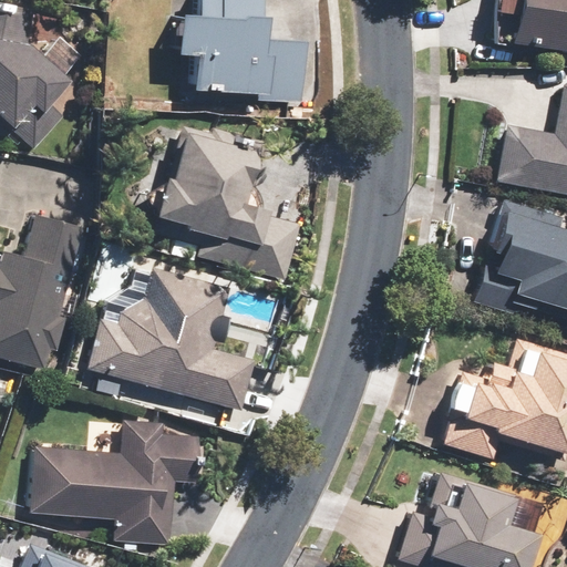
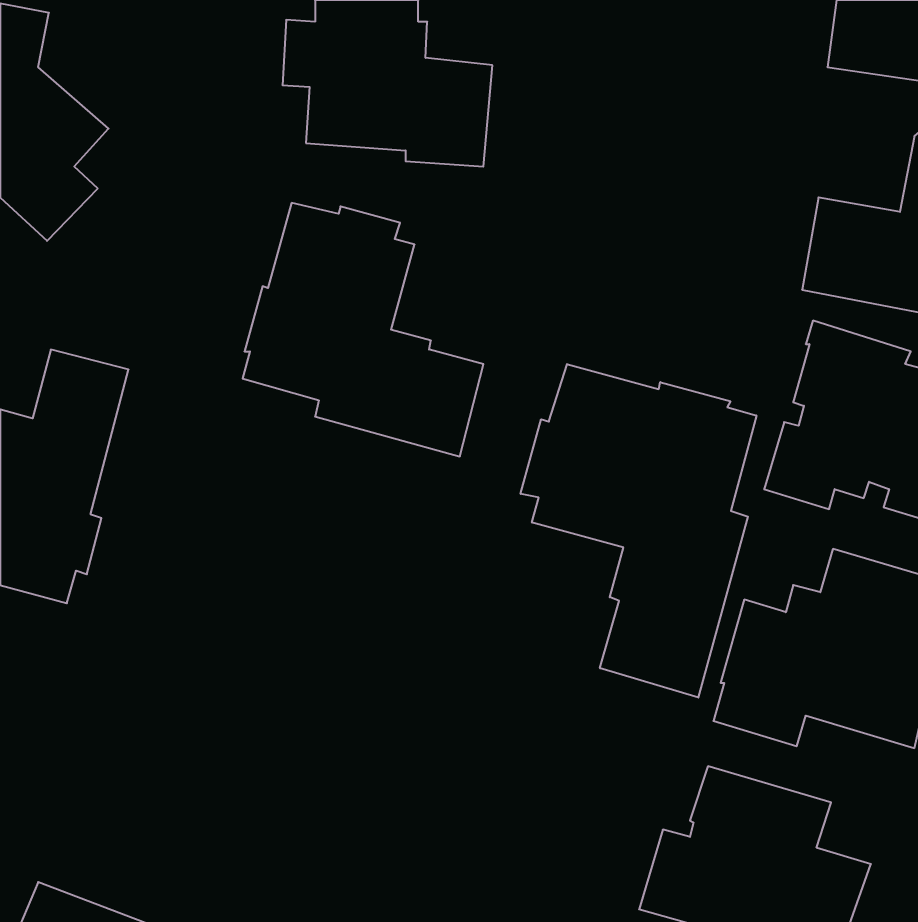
building: none -> [521,364,756,698]
building: [86,268,256,412] -> none
building: [28,421,198,545] -> none

